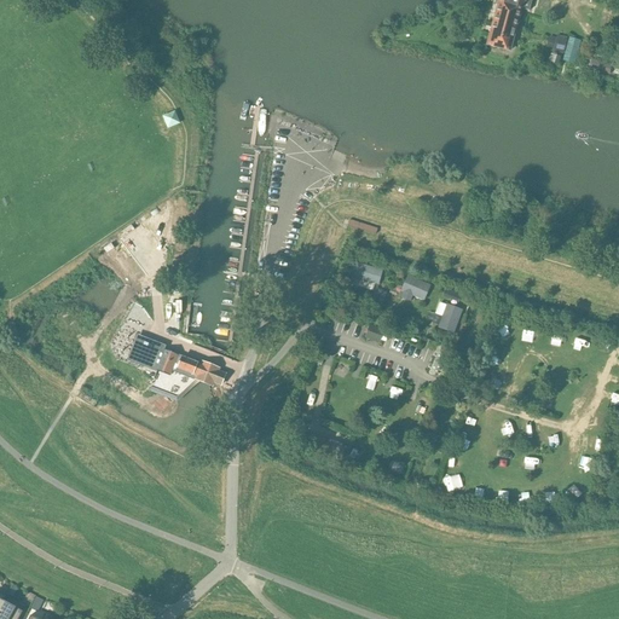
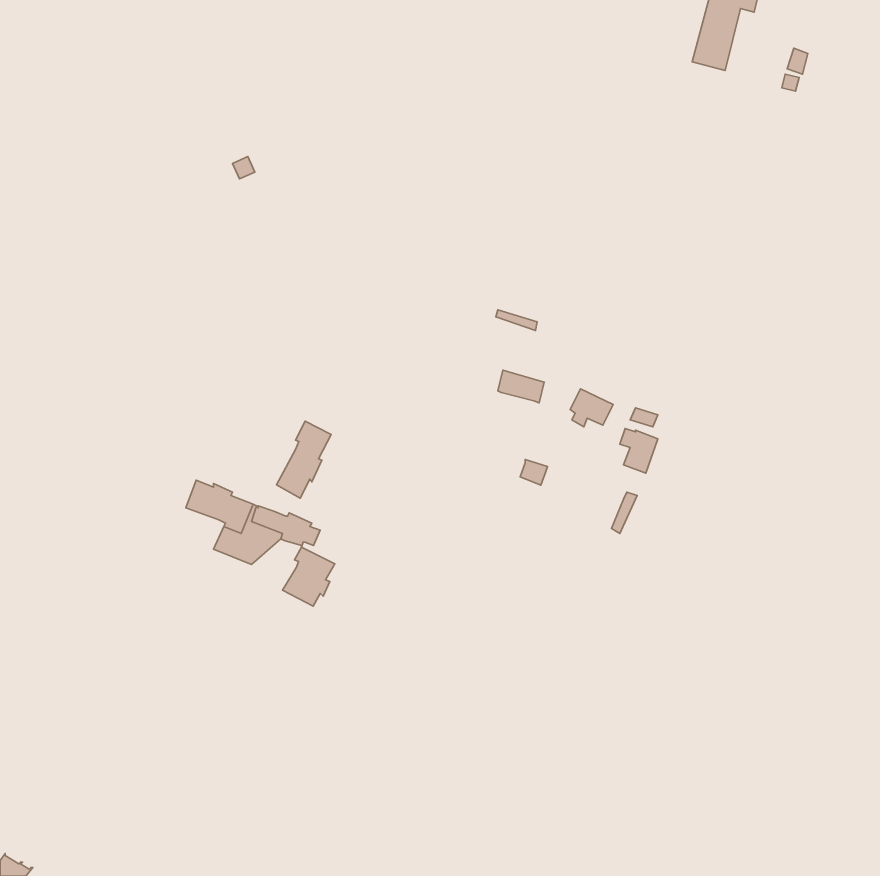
building: none -> [277,421,331,498]
building: none -> [282,547,335,606]

